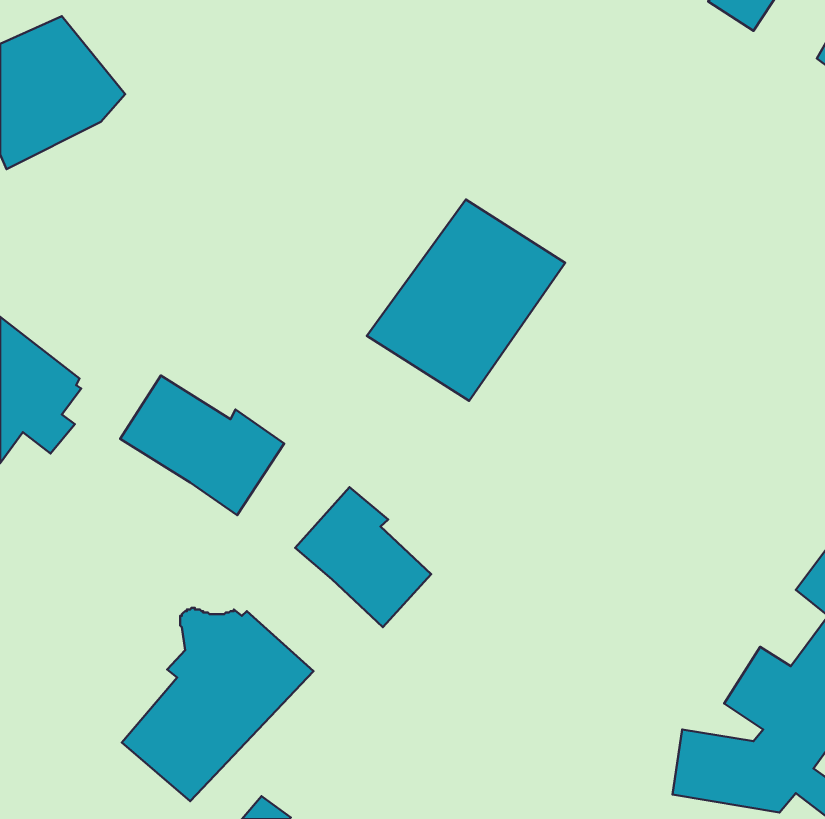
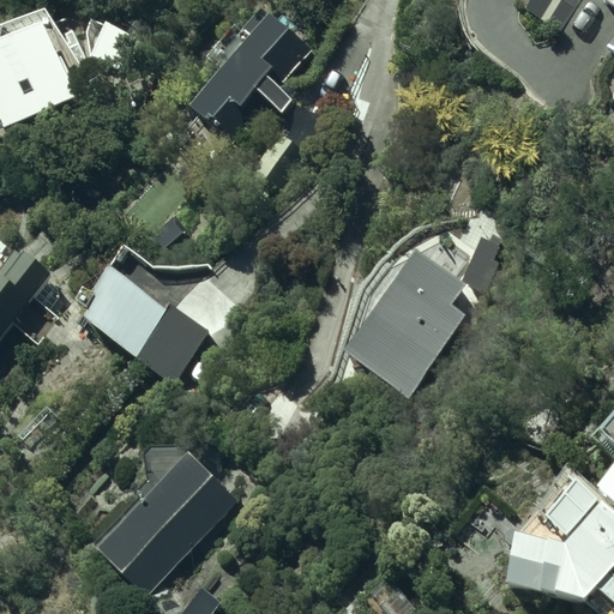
building: none -> [183,14,313,142]
building: [367,199,565,401] -> [342,246,488,395]
building: [295,487,431,627] -> none

